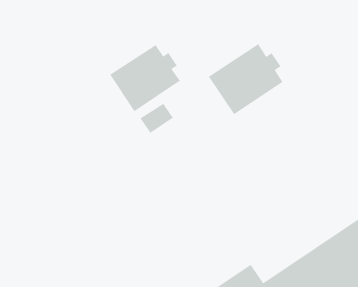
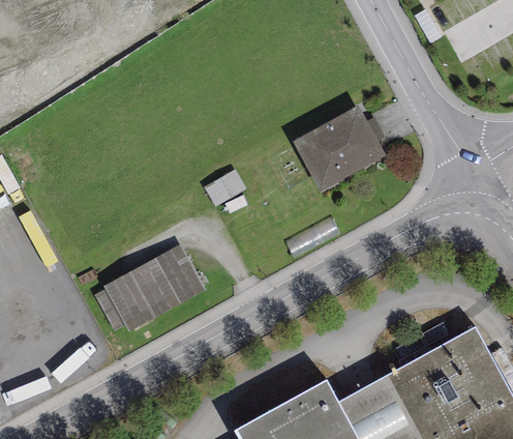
building: [109,44,181,112] -> none
building: none -> [95,245,206,332]

